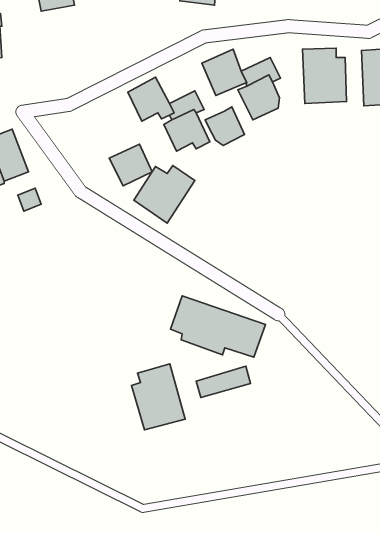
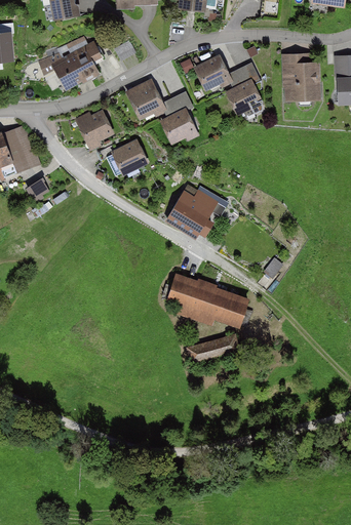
building: none -> [51,41,101,88]
building: [205,107,245,145] -> none
building: none -> [75,110,115,150]
building: [134,165,195,223] -> [164,190,219,241]
building: [131,364,185,430] -> none

